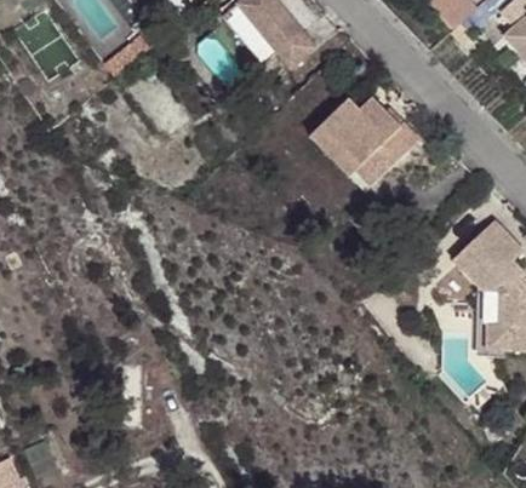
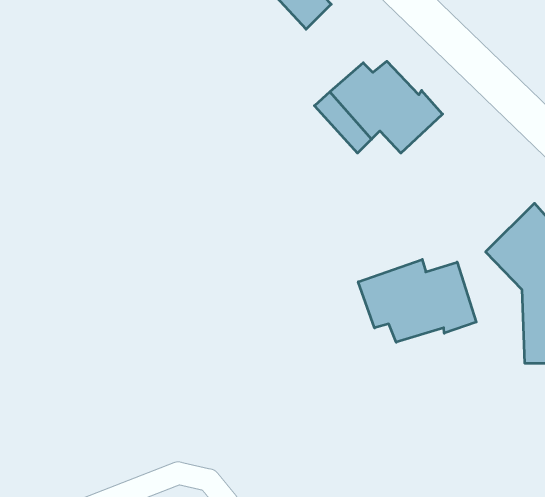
building: none -> [358,259,476,342]

